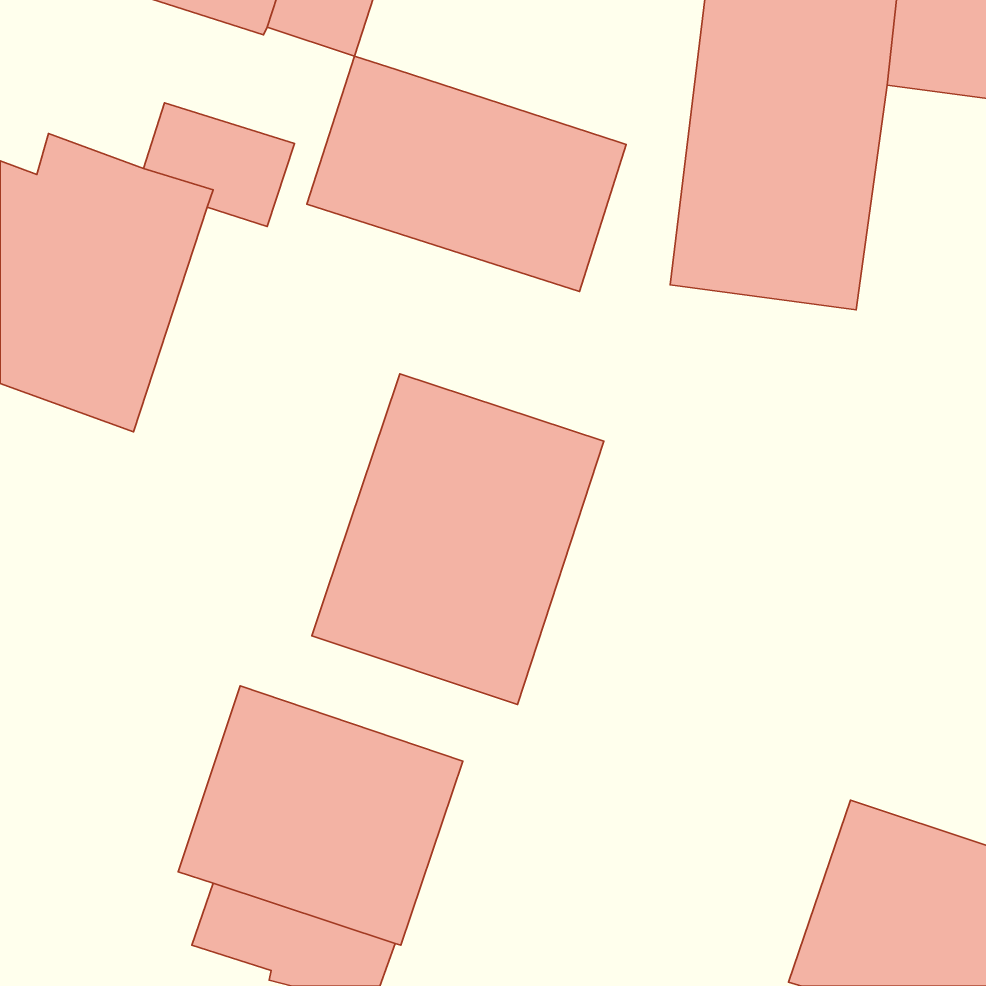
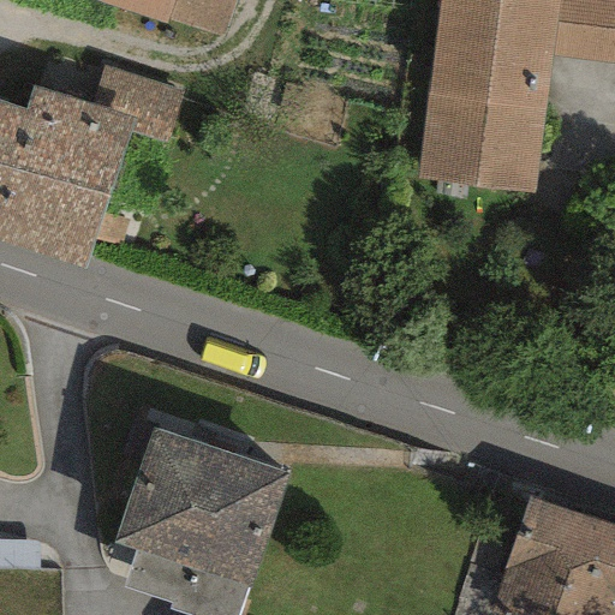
building: [307,56,626,291] -> none
building: [312,374,604,704] -> none

